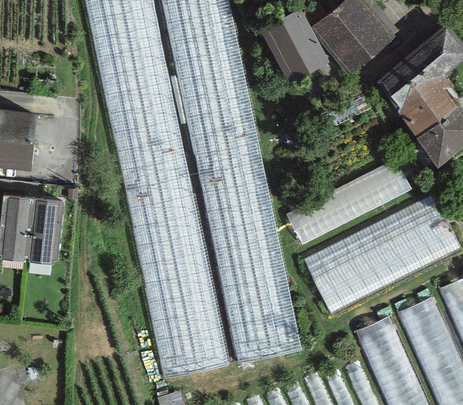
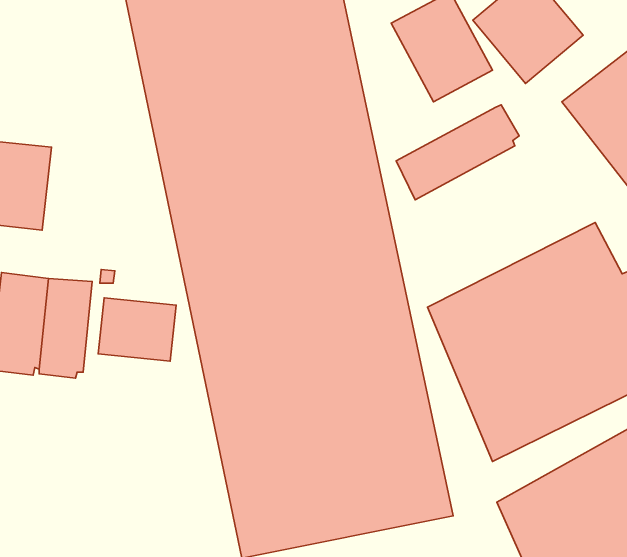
building: none -> [396,105,519,200]
building: none -> [98,298,176,361]

